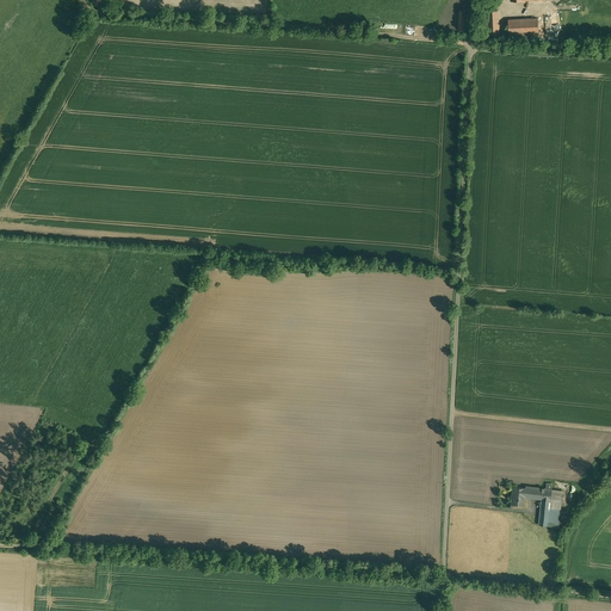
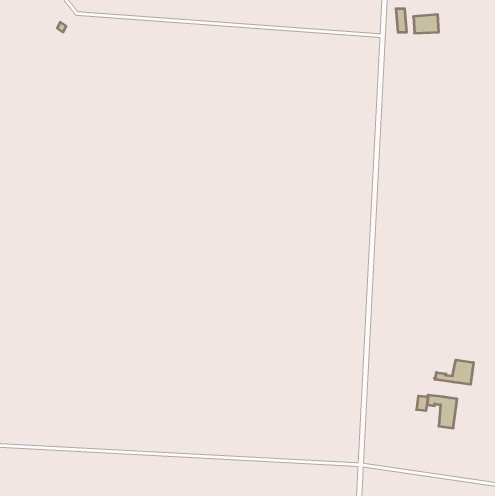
building: none -> [434,360,473,384]

